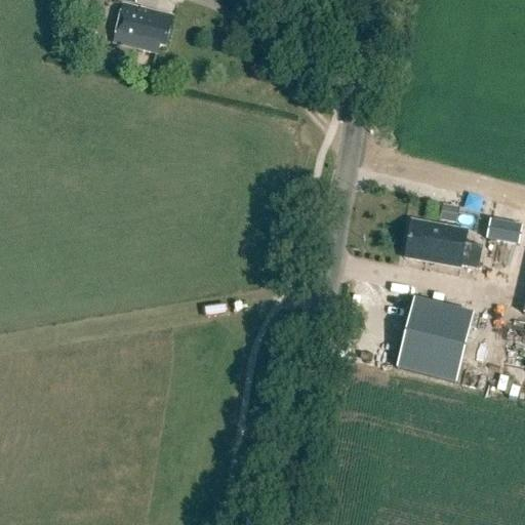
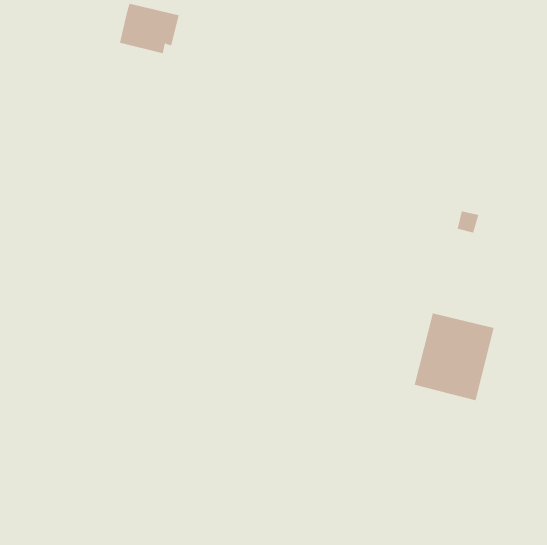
building: [483,217,518,242] -> none
building: [403,219,481,269] -> none

